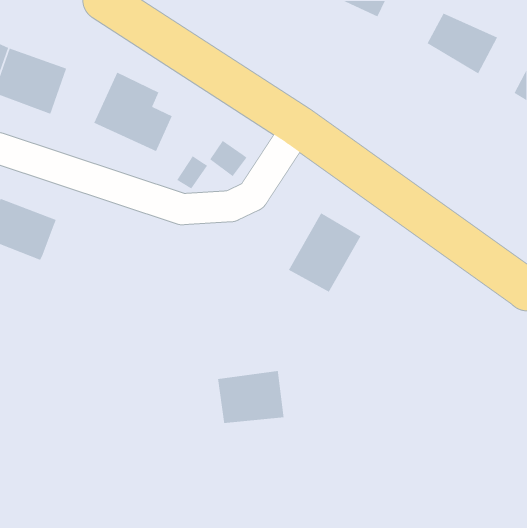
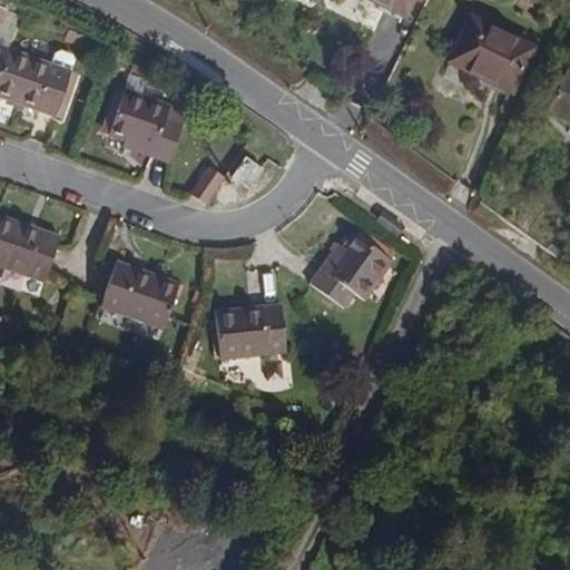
building: none -> [99,257,179,330]
building: [217,370,285,424] -> [214,303,286,361]

